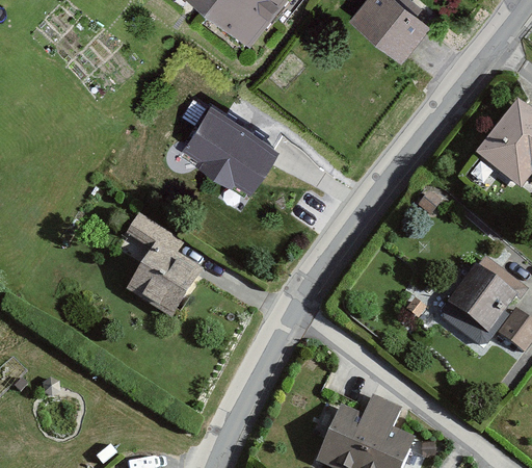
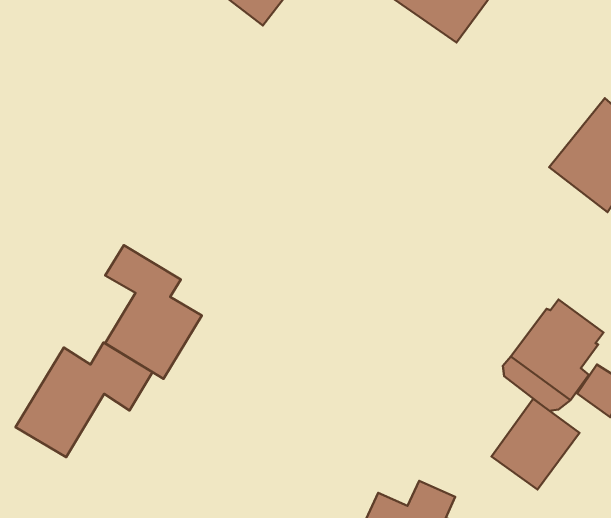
building: [180,110,274,196] -> none
building: none -> [16,343,152,457]
building: none -> [491,399,580,489]

